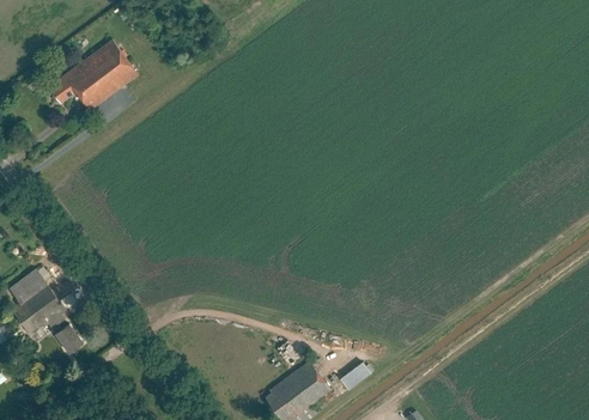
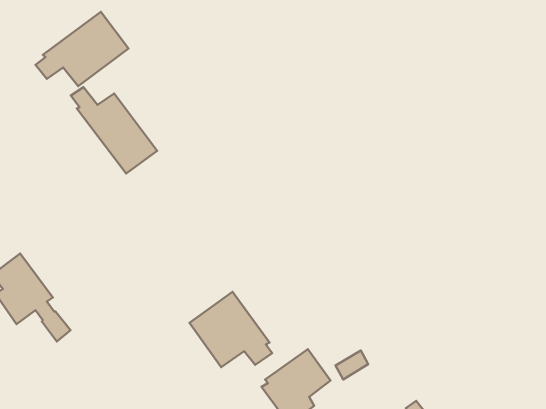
building: none -> [71,87,157,174]
building: none -> [189,292,272,367]

